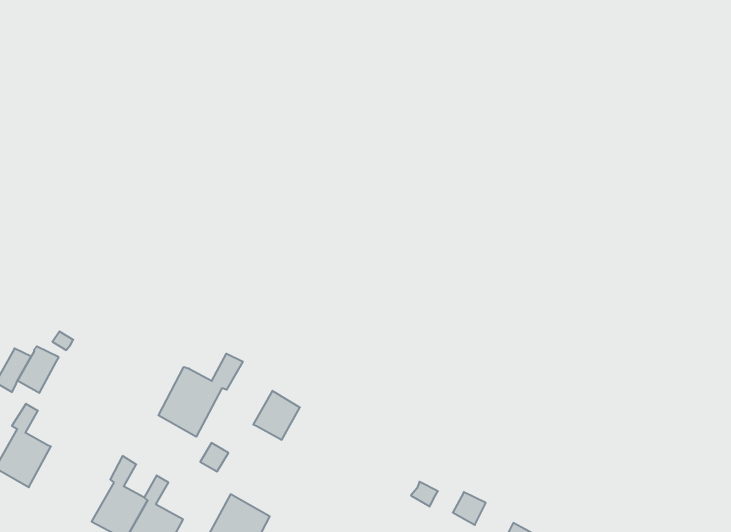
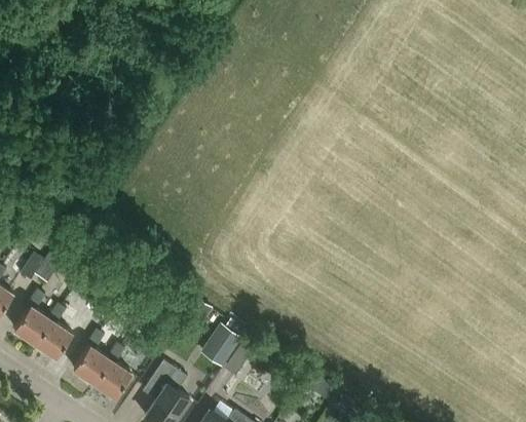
building: [158,354,243,437] -> none
building: none -> [35,304,72,357]
building: none -> [202,328,241,370]

